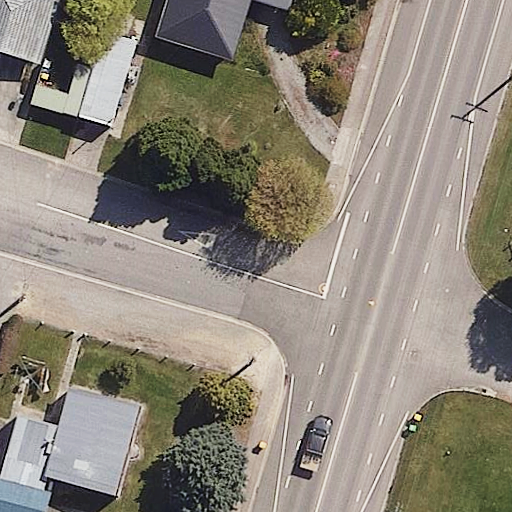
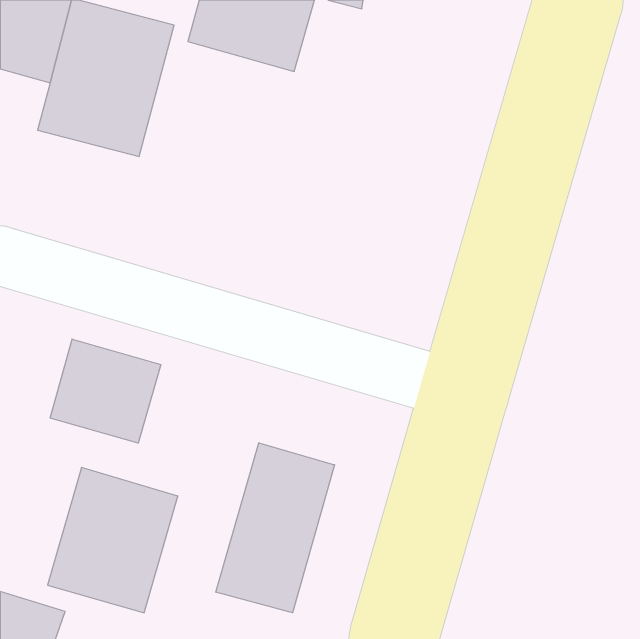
building: none -> [50,339,161,443]
building: none -> [216,443,335,613]

